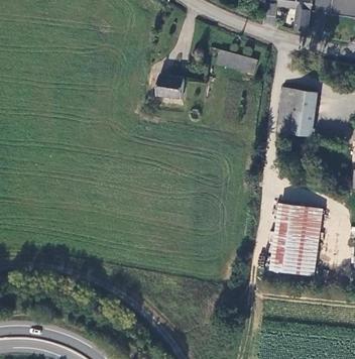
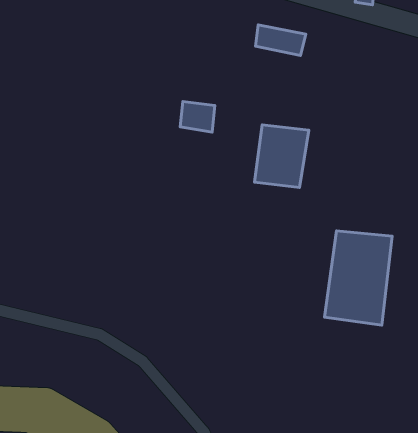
building: [157,75,184,98] -> [180,102,215,132]
building: [276,88,318,135] -> [254,125,309,187]

